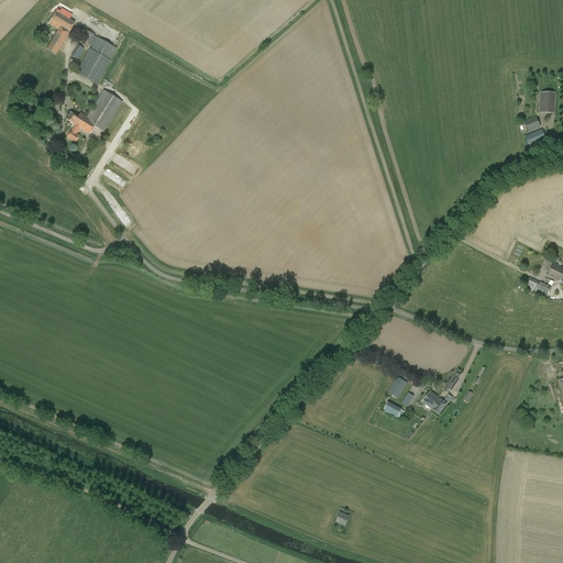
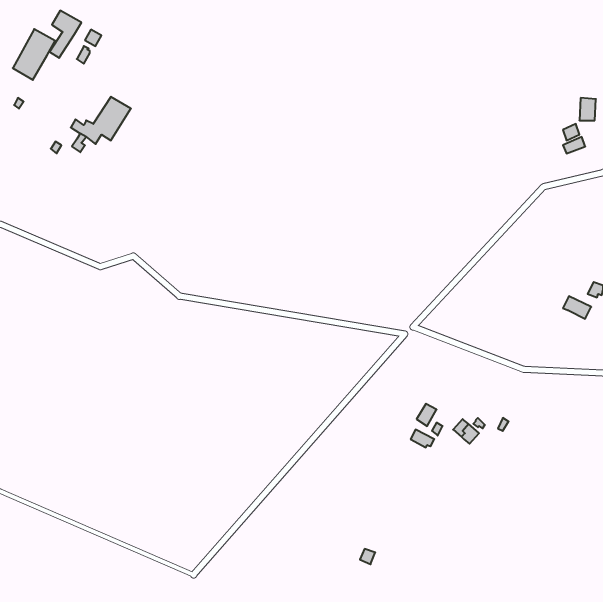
building: [77,36,117,84] -> [13,29,55,80]

